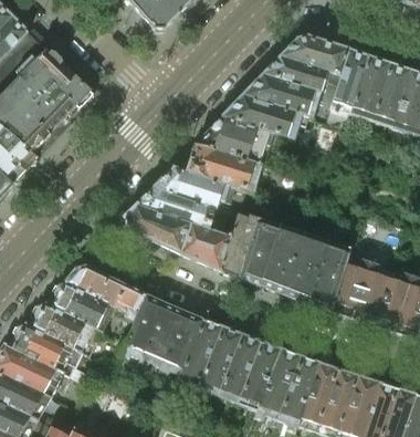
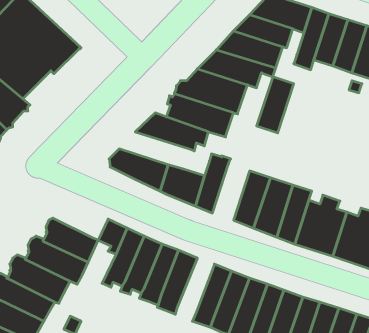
building: [136,186,213,227] -> none
building: [239,221,280,283] -> [257,77,294,133]
building: [63,263,124,305] -> none
building: [198,325,241,395] -> none

